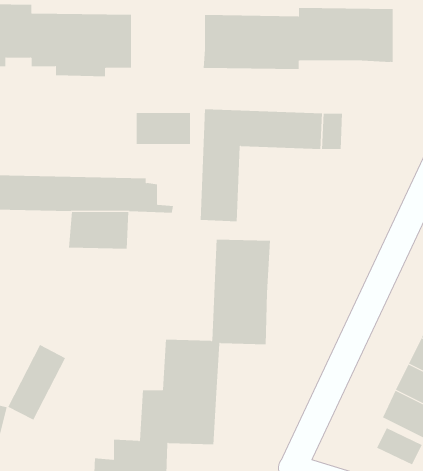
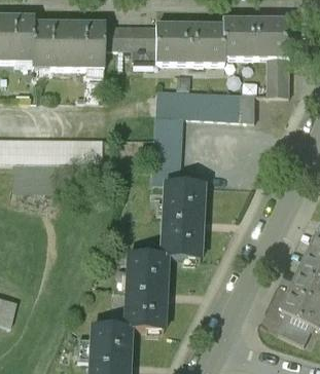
building: none -> [266,55,288,95]
building: [136,113,191,144] -> [116,25,155,47]
building: [8,344,66,421] -> none

